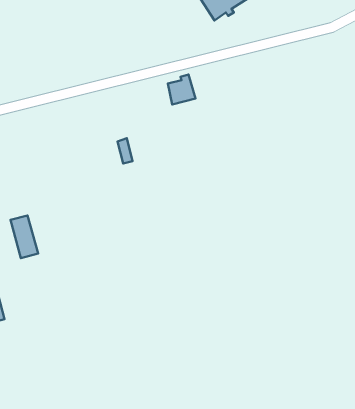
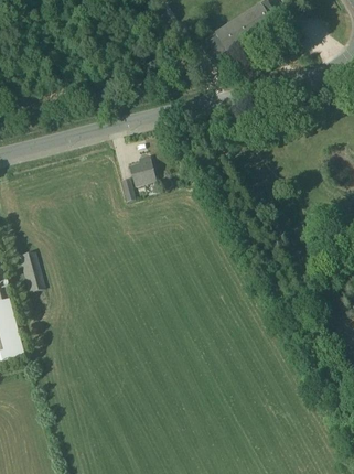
building: [168,74,195,104] -> [130,155,157,184]

